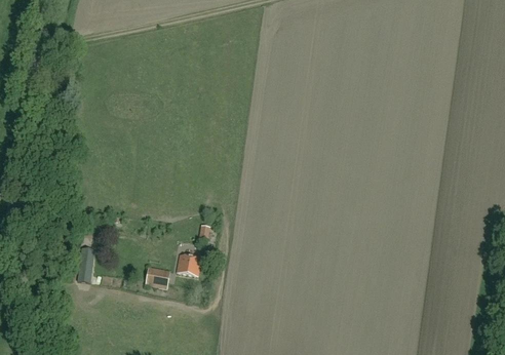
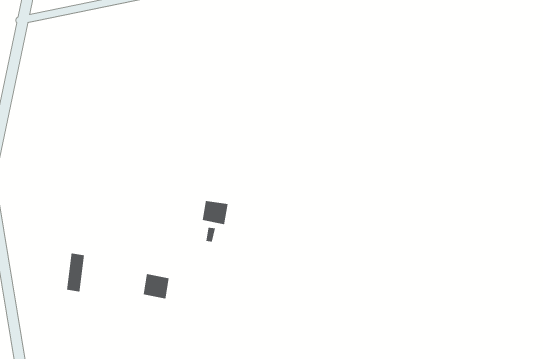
building: [177,253,200,275] -> [202,200,228,225]

